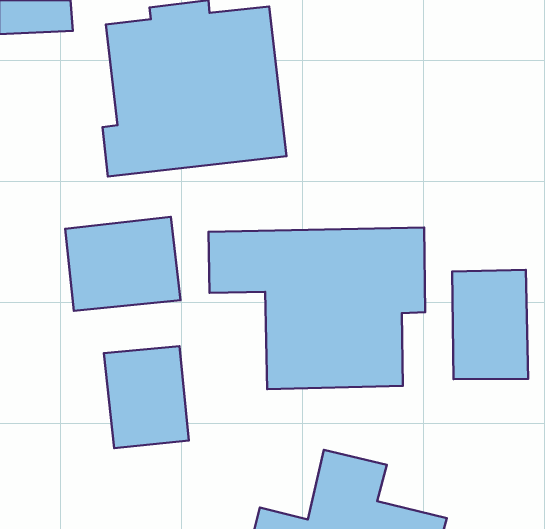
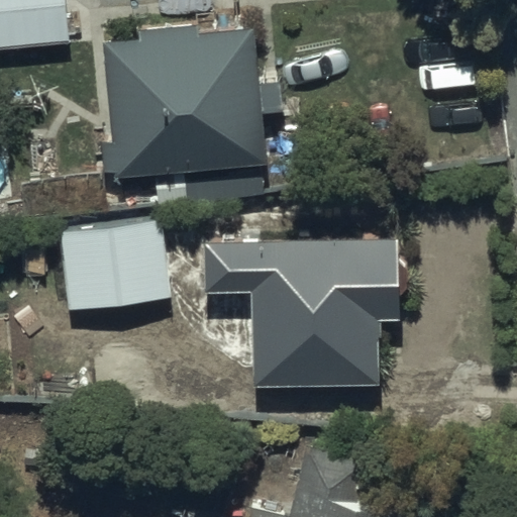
building: [452,270,528,379] -> none
building: [104,346,189,448] -> none

